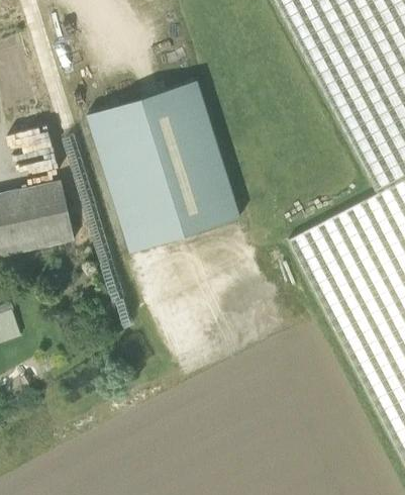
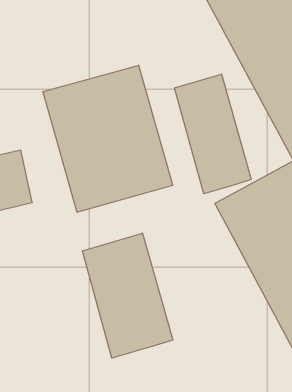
building: none -> [175,74,251,194]
building: none -> [82,233,173,358]

